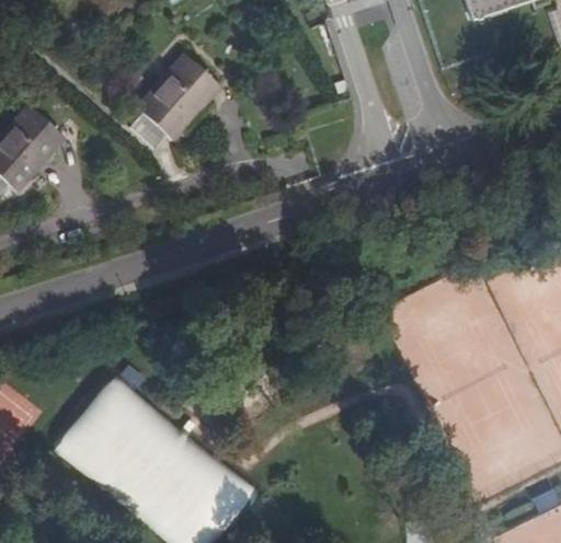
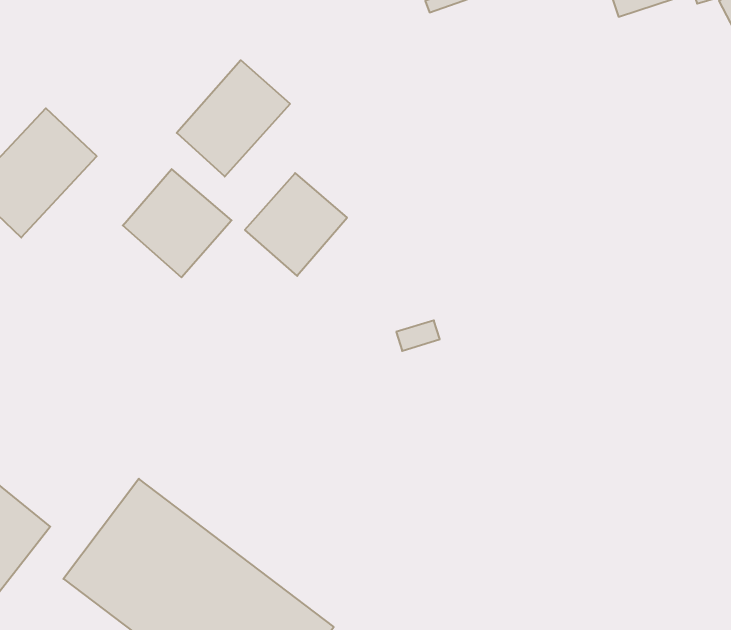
building: none -> [123,169,232,277]
building: none -> [245,173,347,276]

